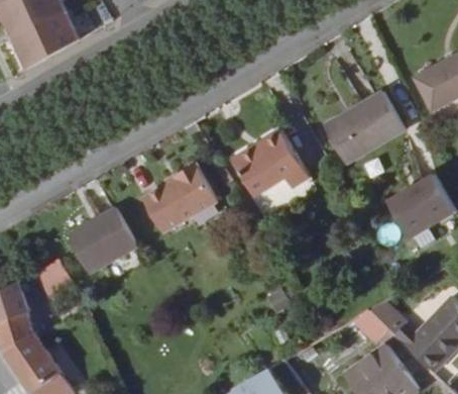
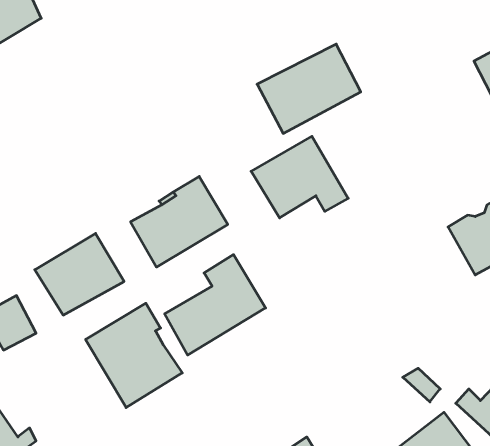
building: [326,97,407,167] -> [257,44,361,133]
building: none -> [165,255,266,355]
building: none -> [86,303,182,408]

